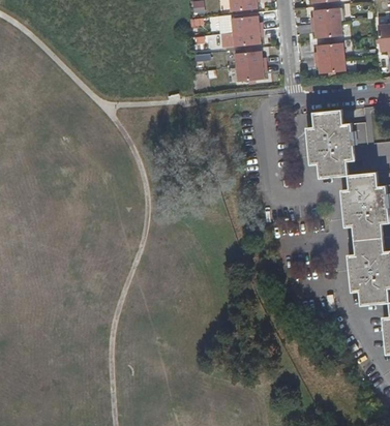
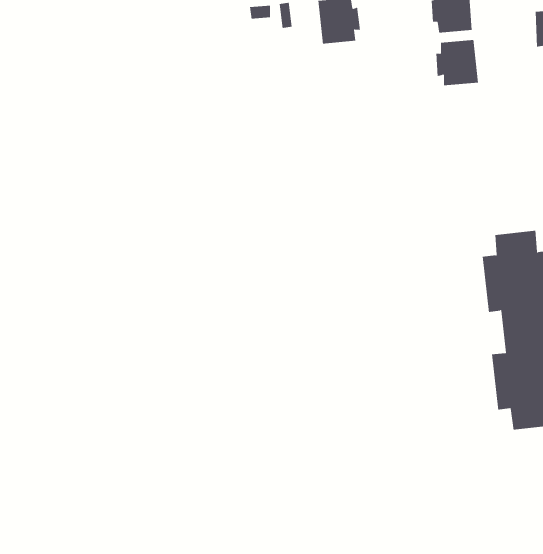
building: [234,52,263,84] -> none
building: [306,110,355,177] -> none

